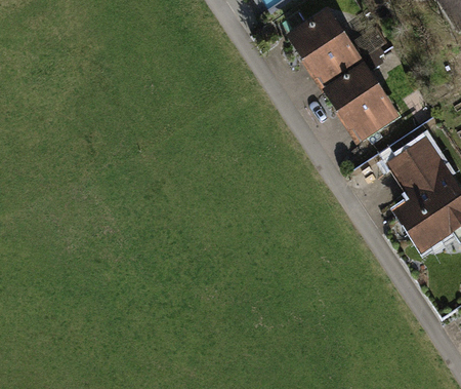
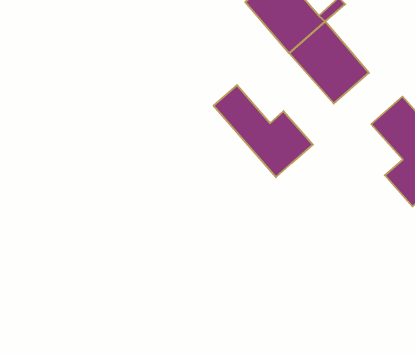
building: none -> [214,85,313,177]

